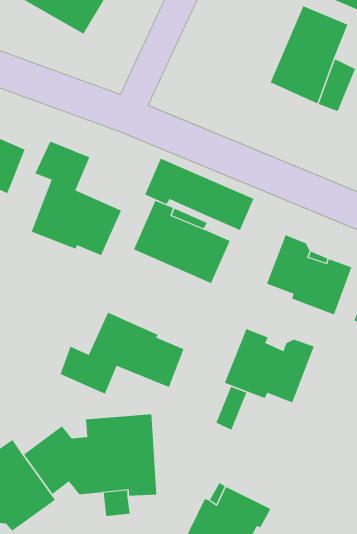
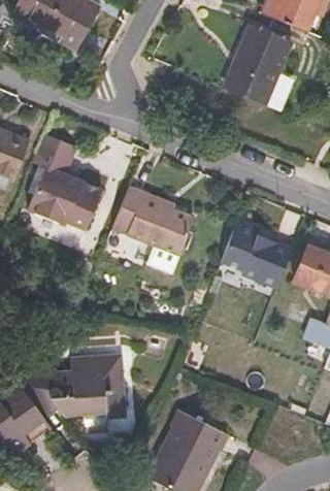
building: [144,158,254,231] -> none
building: [60,312,184,394] -> none
building: [224,328,315,403] -> none

